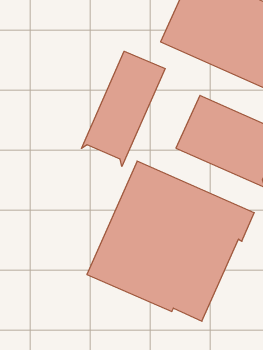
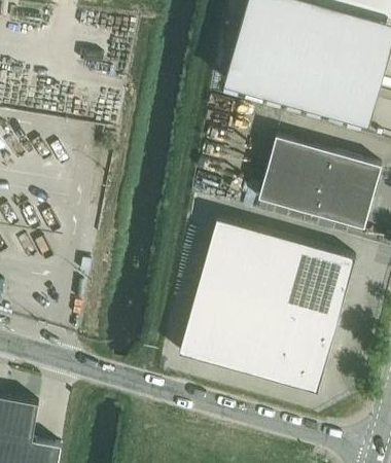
building: [81,51,165,166] -> none

